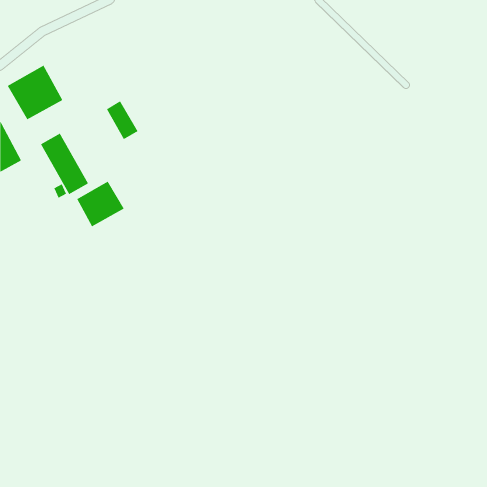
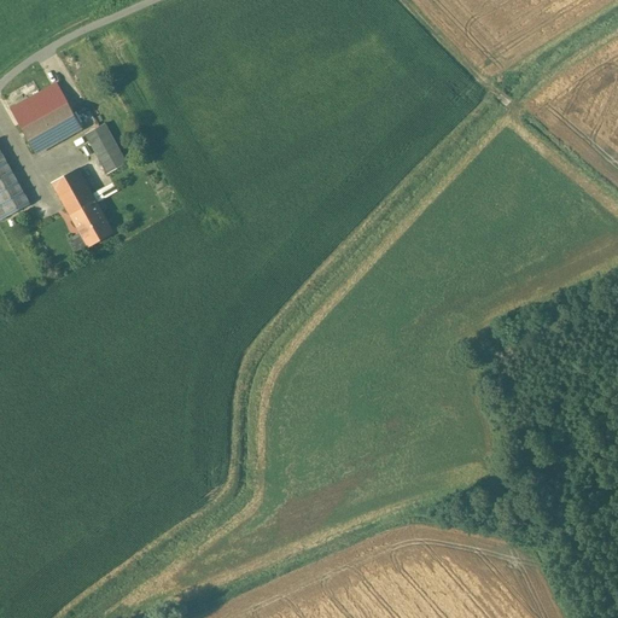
building: [106,101,139,140] -> [84,123,126,173]
building: [76,181,124,227] -> none

